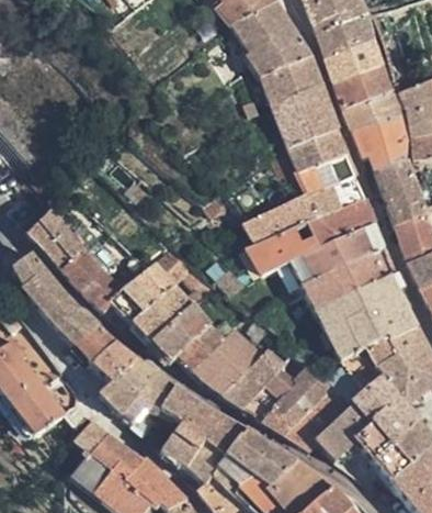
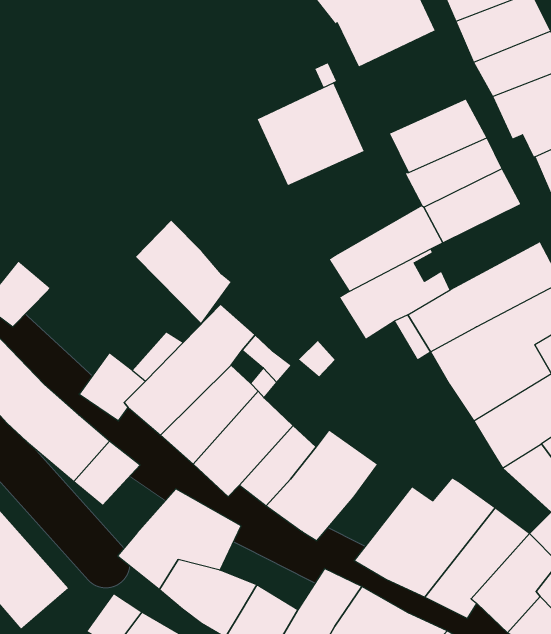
building: [272,86,337,147] -> [257,83,364,186]
building: [307,198,375,247] -> none
building: [45,226,103,292] -> [135,220,231,324]
building: [91,339,137,381] -> none
building: [221,347,286,410] -> none
building: [160,382,225,437] -> none

